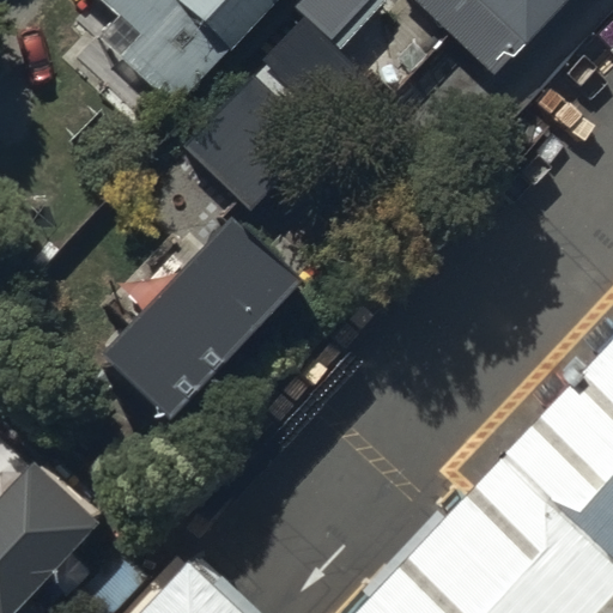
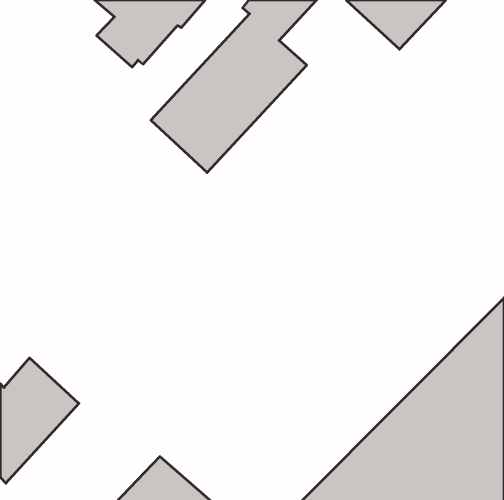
building: [81,189,277,389] -> none

